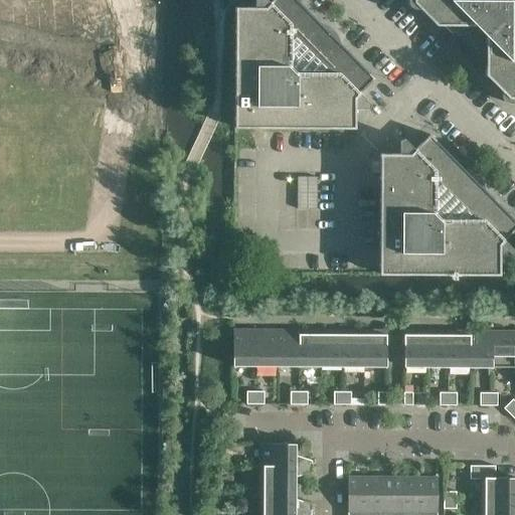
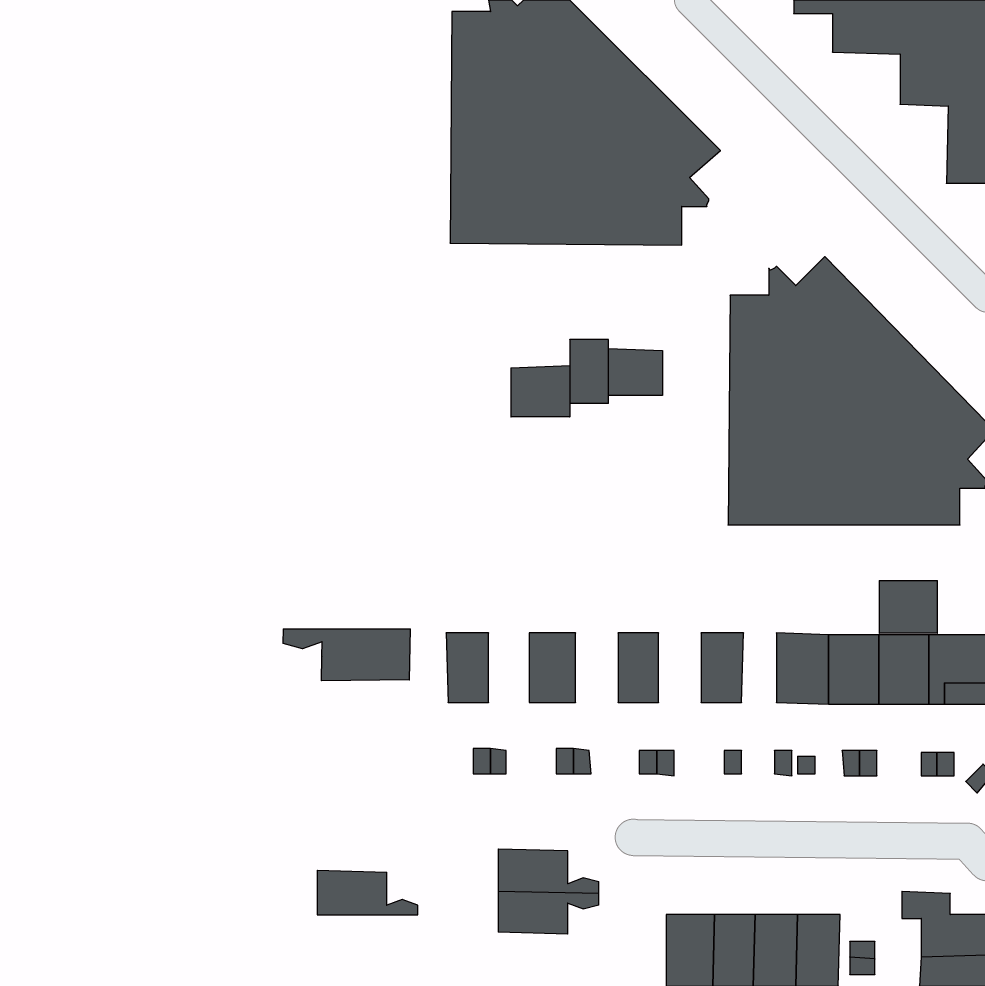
building: none -> [608,348,662,395]
building: none -> [511,366,570,417]
building: none -> [879,581,937,633]
building: none -> [283,629,410,681]
building: [255,330,277,366] -> none
building: [301,330,323,366] -> none
building: [344,330,366,366] -> none
building: [261,486,313,509] -> [317,870,418,915]

